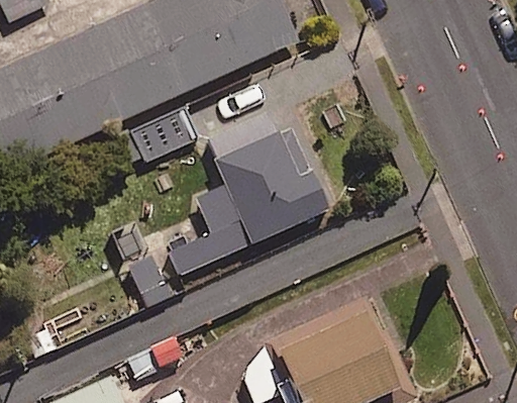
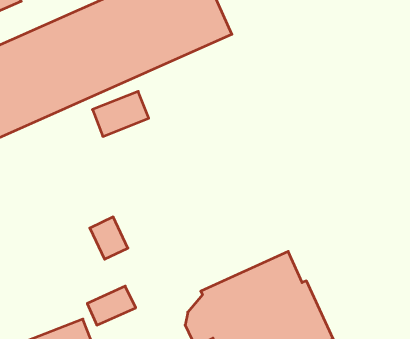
building: [168,111,327,275] -> none

